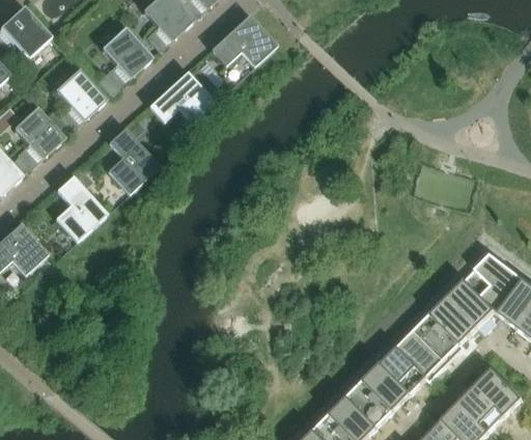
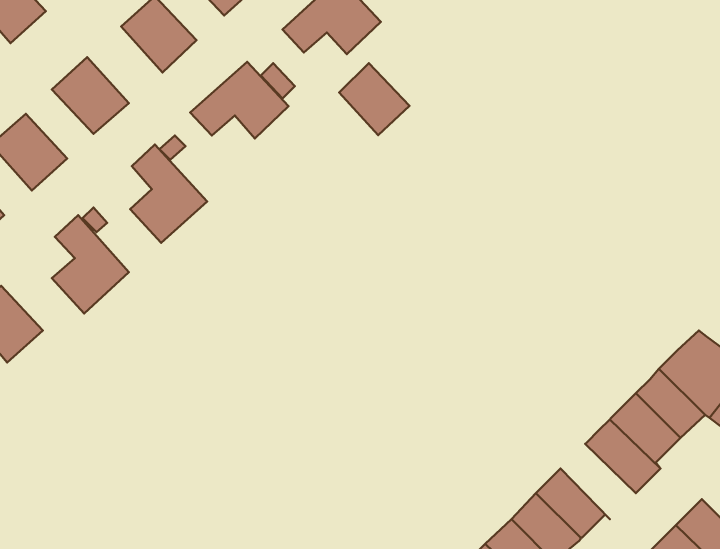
building: none -> [339,63,409,135]
building: [397,330,448,381] -> none

